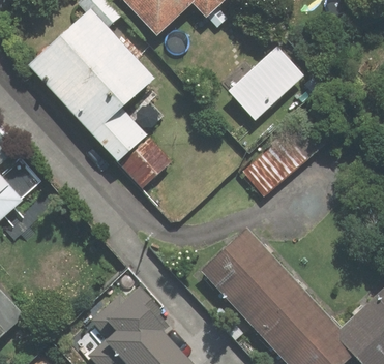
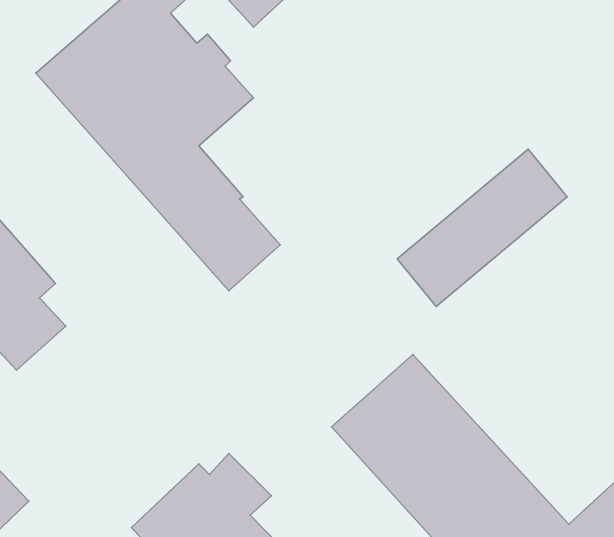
building: [218,46,304,122] -> none

